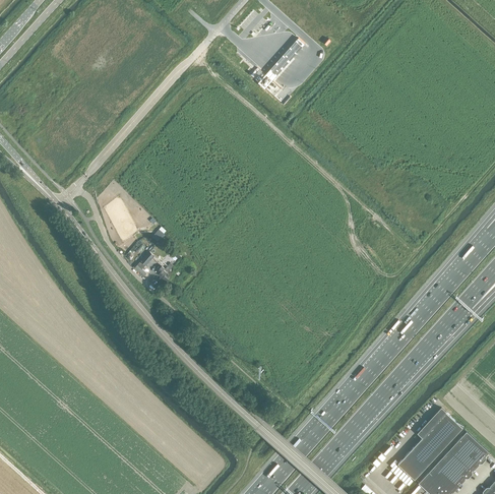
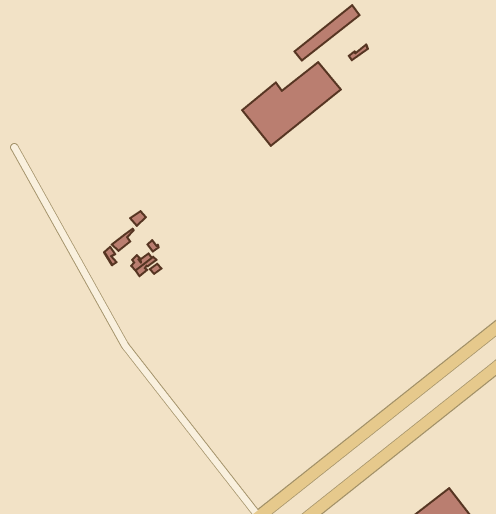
building: none -> [242,62,341,146]

